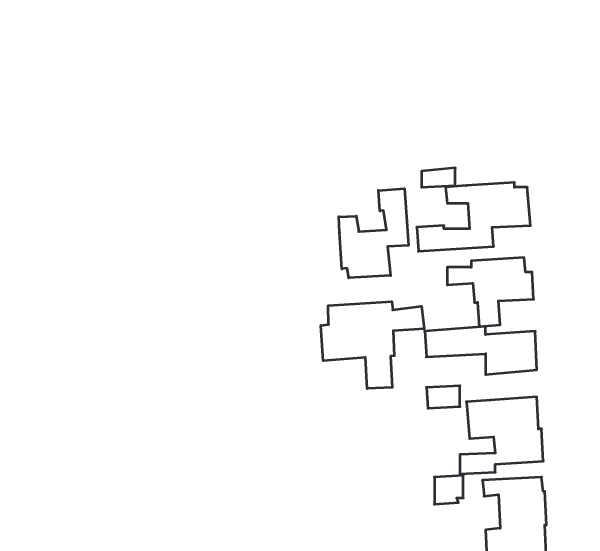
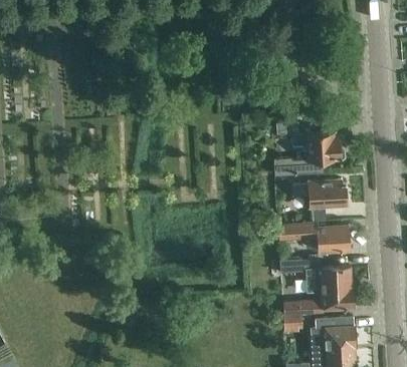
building: [339,189,408,278] -> none
building: [321,302,424,389] -> none

